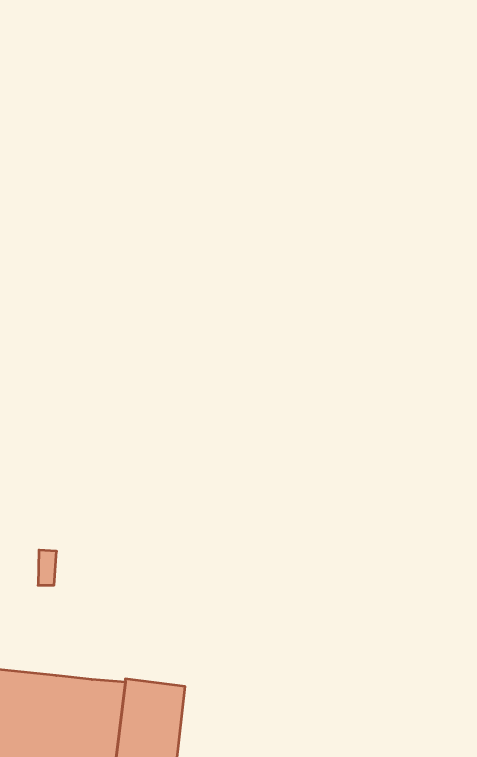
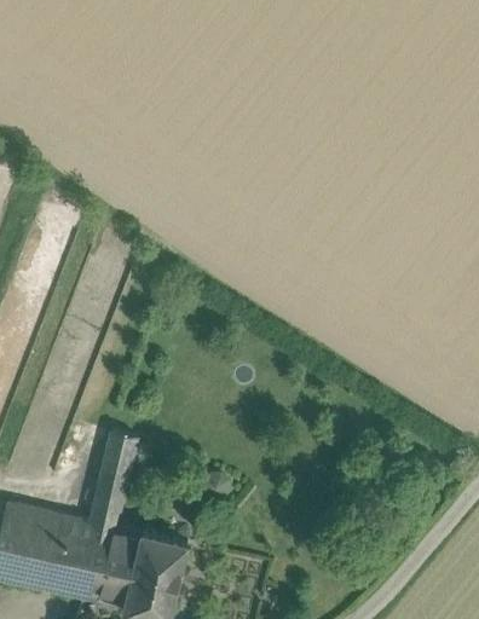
building: none -> [90,430,137,526]

